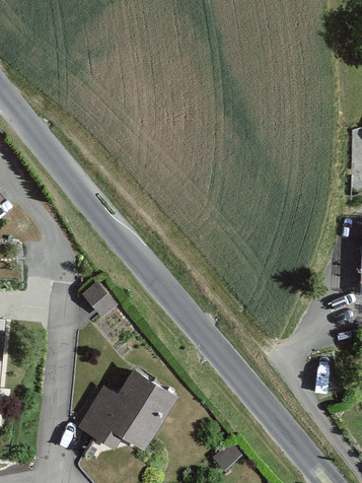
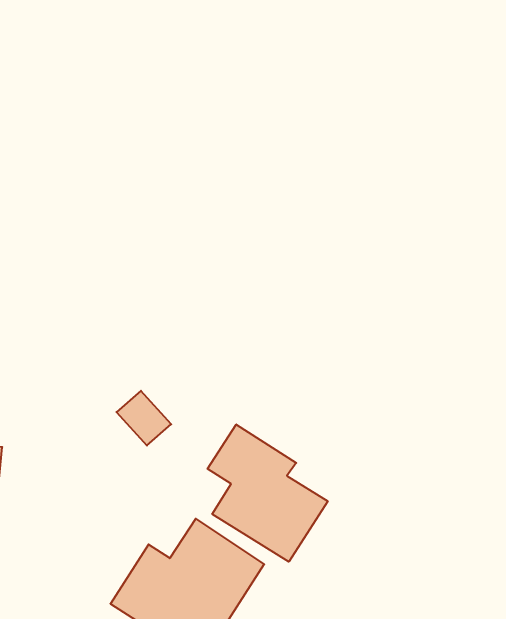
building: none -> [208,424,328,562]

